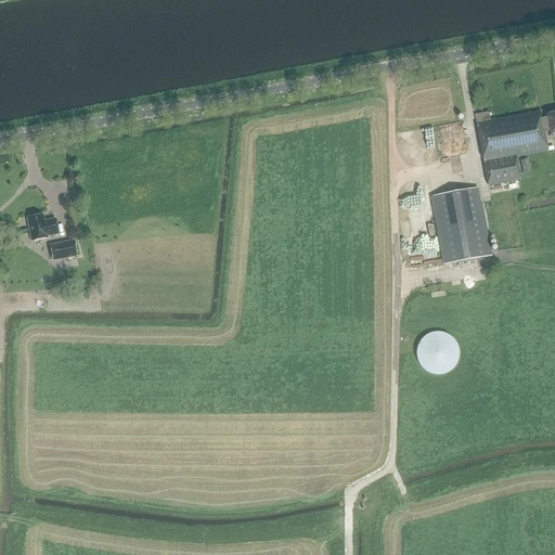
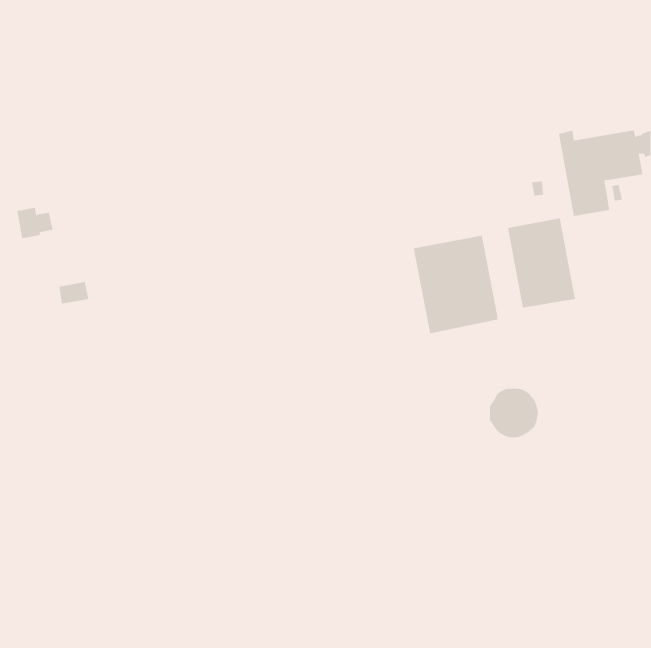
building: none -> [413,235,498,334]
building: [26,214,57,241] -> [16,207,53,239]

